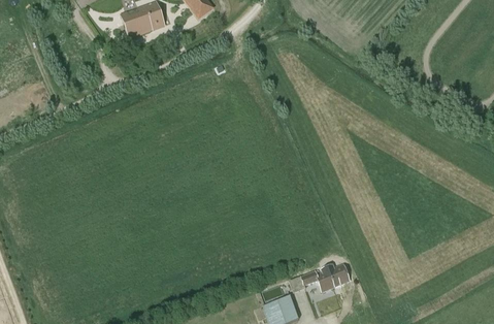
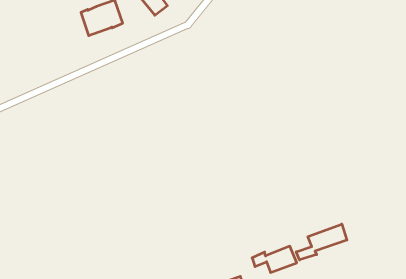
building: none -> [296,224,347,260]

